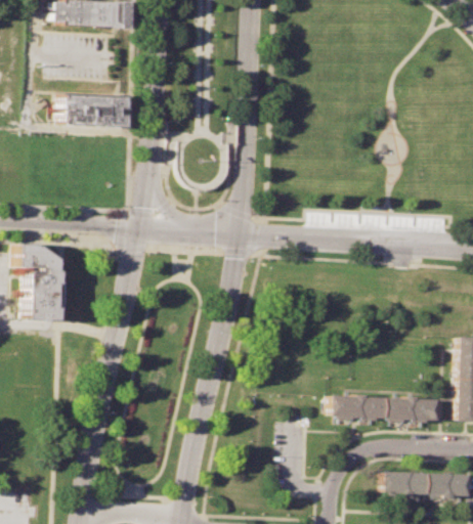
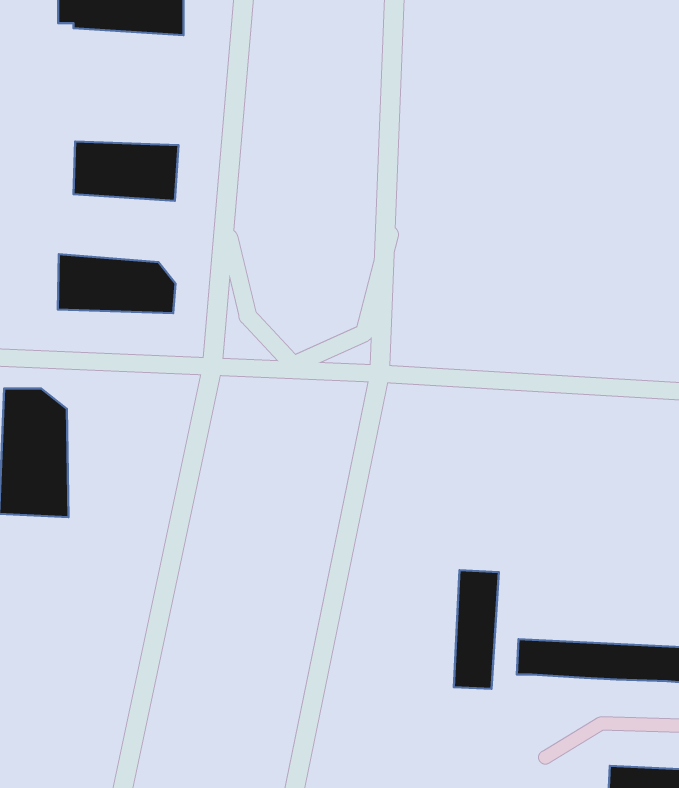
building: none -> [58,254,175,313]
building: none -> [454,570,499,689]

